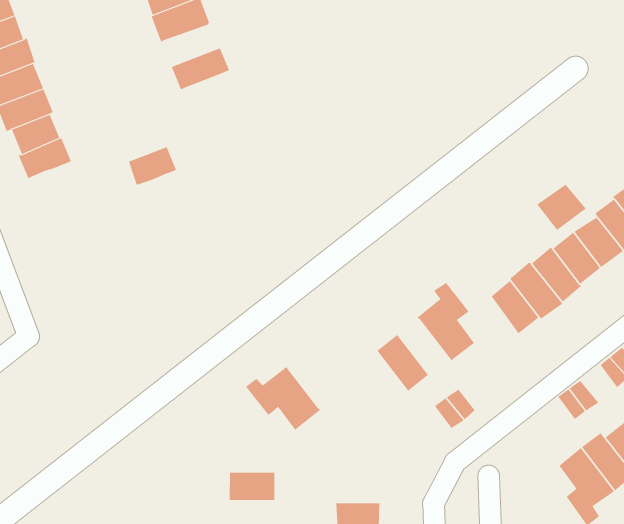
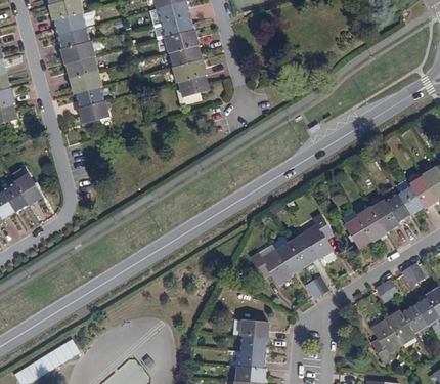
building: none -> [172,48,203,70]
building: [128,146,177,185] -> [181,77,209,97]
building: [537,184,586,231] -> none
building: none -> [287,232,315,265]
building: [245,366,321,431] -> [248,247,290,285]
building: [229,472,275,501] -> [238,316,267,336]

